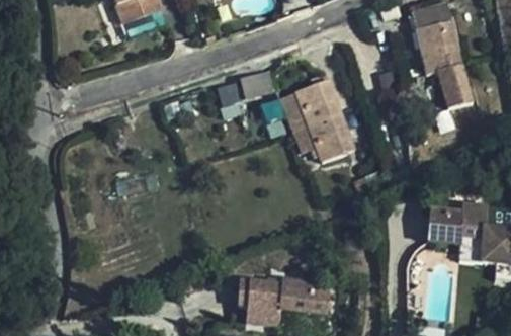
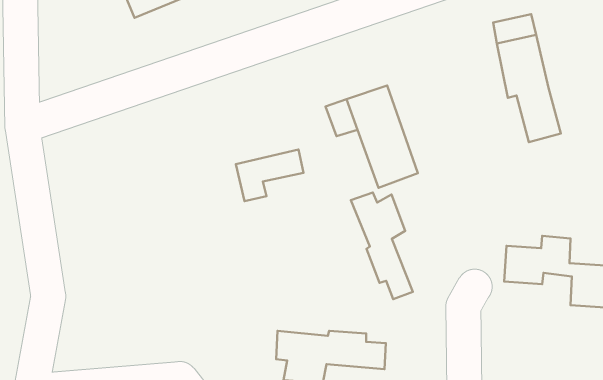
building: [217,70,272,112] -> [236,149,304,201]
building: none -> [351,192,413,299]

